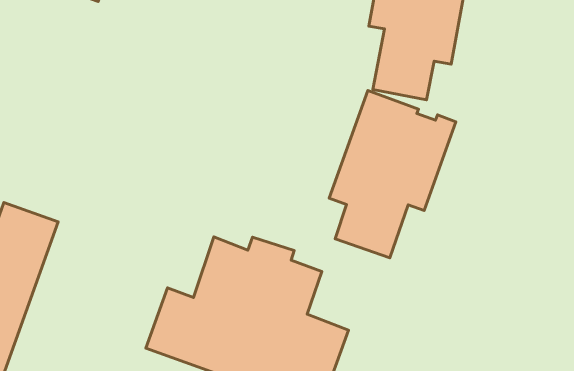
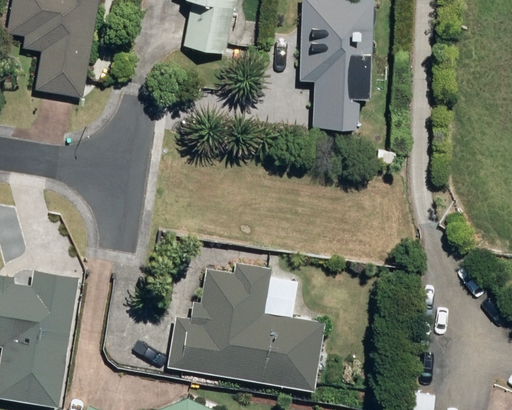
building: [329,91,456,258] -> none

